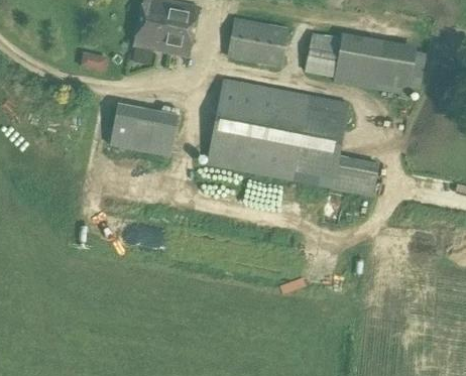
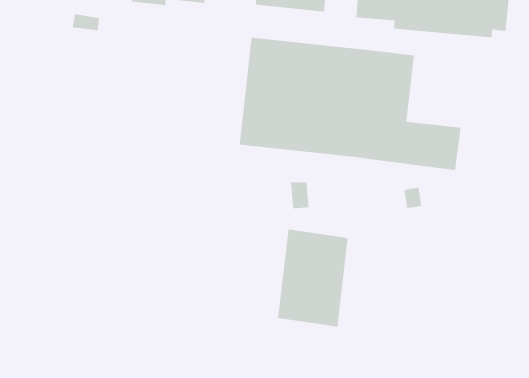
building: [110,104,178,156] -> none
building: none -> [277,229,349,327]

